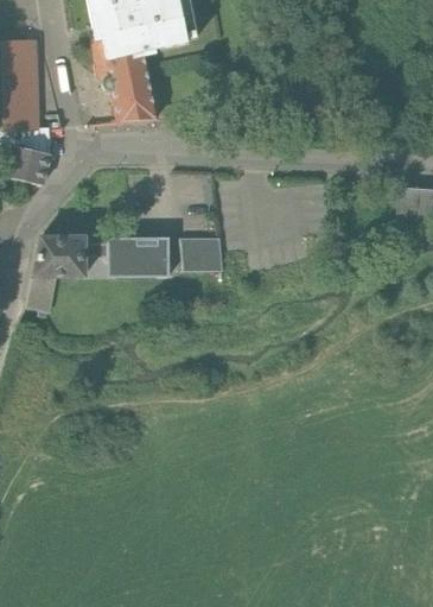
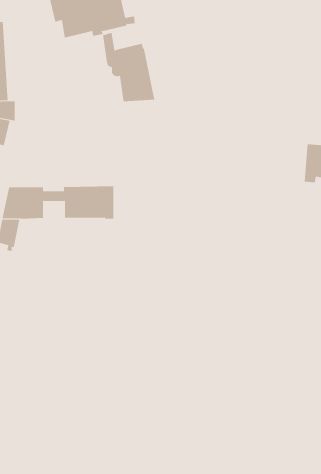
building: [95,36,159,120] -> [102,32,155,102]
building: [182,236,225,270] -> none

